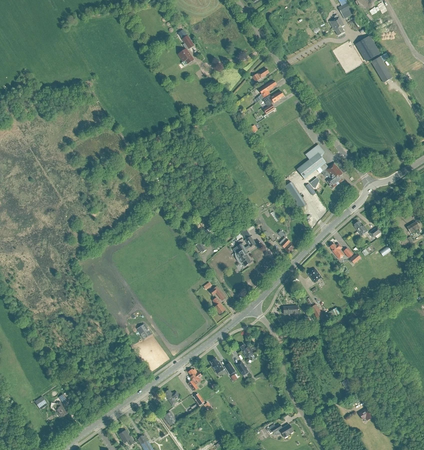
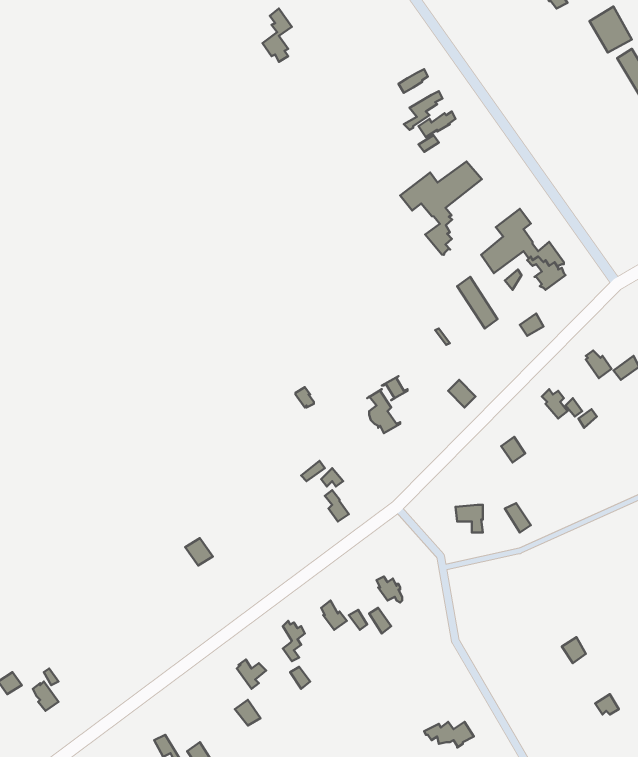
building: none -> [400,162,482,255]

